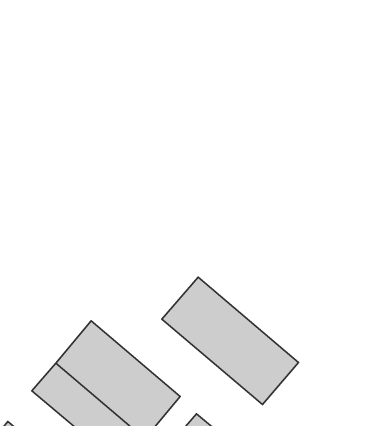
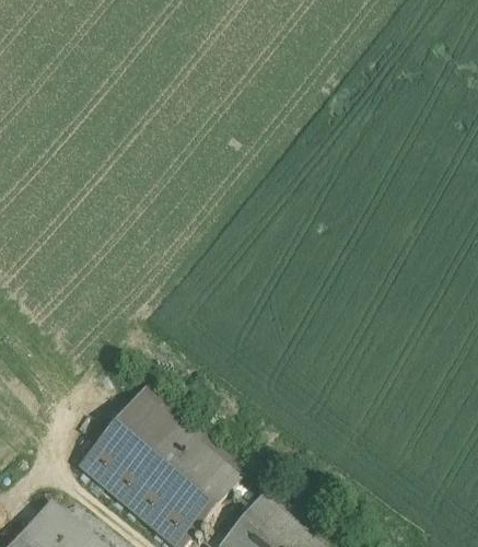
building: [162,277,299,405] -> none

